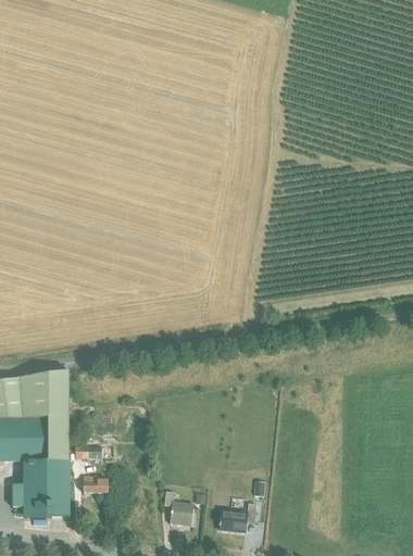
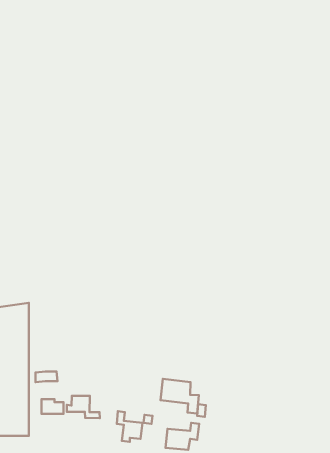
building: none -> [161,379,199,413]
building: none -> [67,396,100,418]

